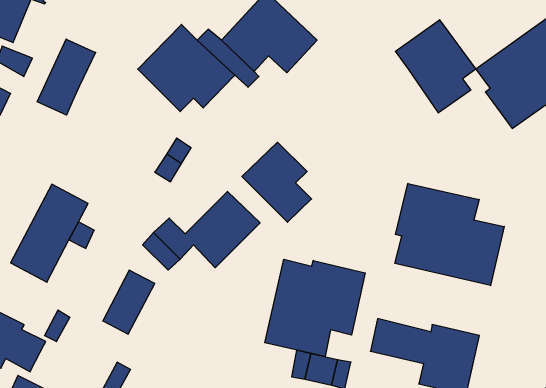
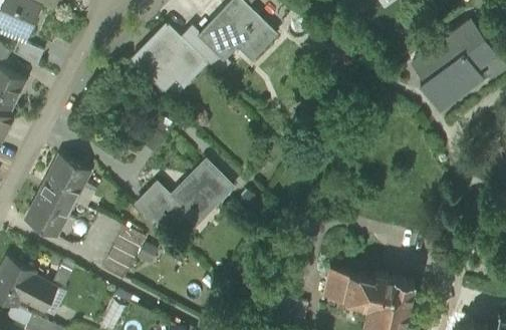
building: [395,20,476,113] -> none
building: [37,39,96,115] -> none
building: [242,142,312,222] -> none
building: [395,183,504,286] -> none
building: [265,259,365,357] -> none

